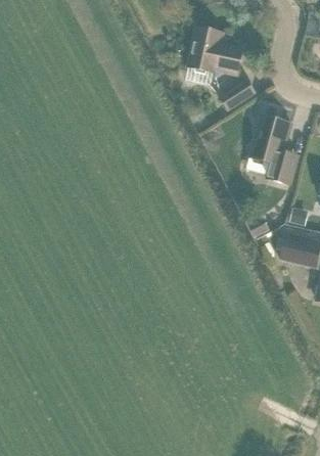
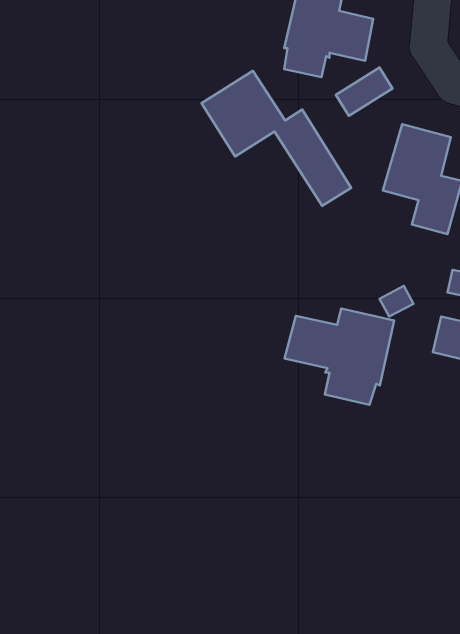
building: none -> [201,71,351,206]
building: none -> [284,308,394,405]

